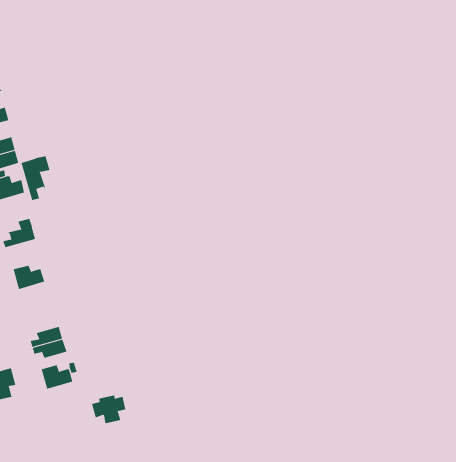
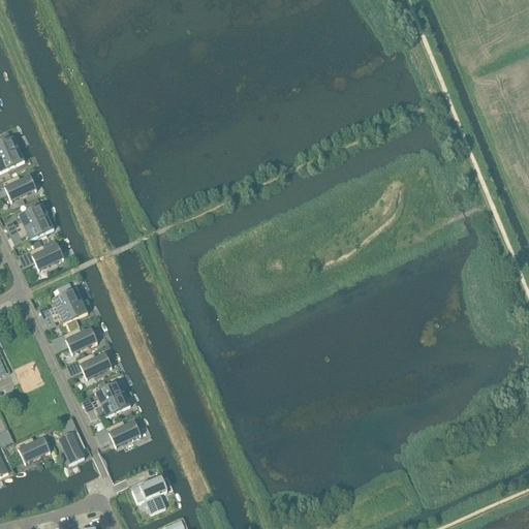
building: [21,156,50,201] -> none
building: none -> [52,301,88,331]
building: none -> [77,351,112,379]
building: [91,395,126,424] -> [131,477,166,507]

